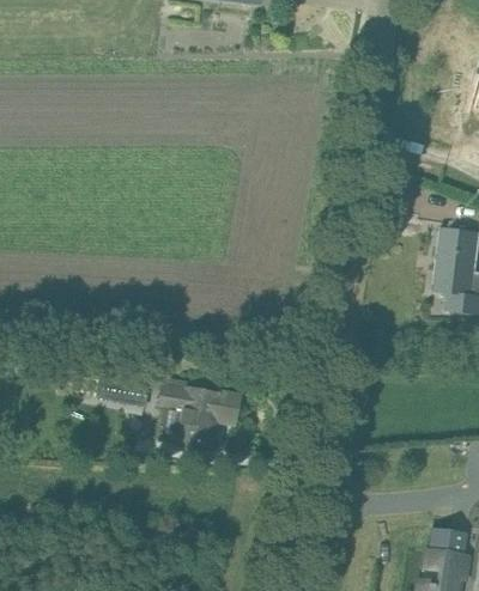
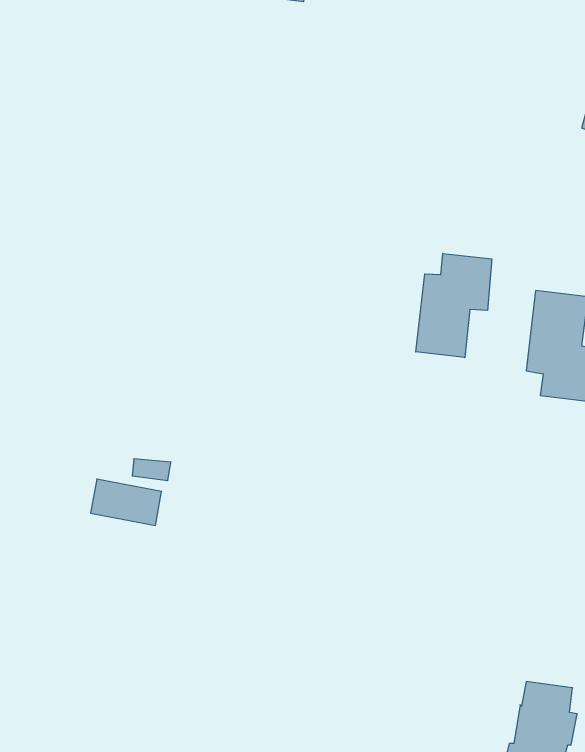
building: none -> [416,253,492,358]
building: [157,382,241,445] -> none

